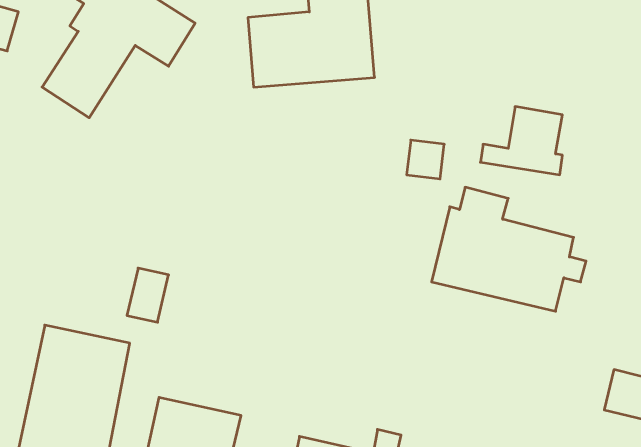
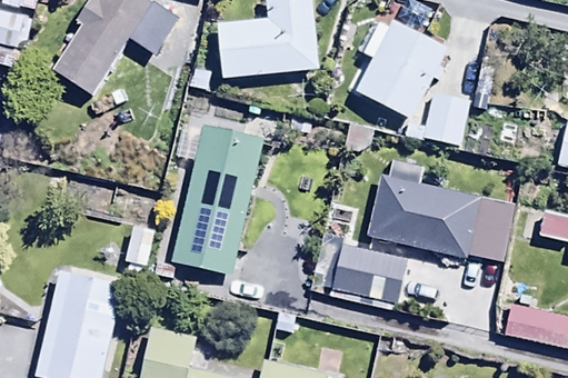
building: none -> [356,18,447,119]
building: none -> [170,123,262,272]
building: none -> [330,241,408,312]

